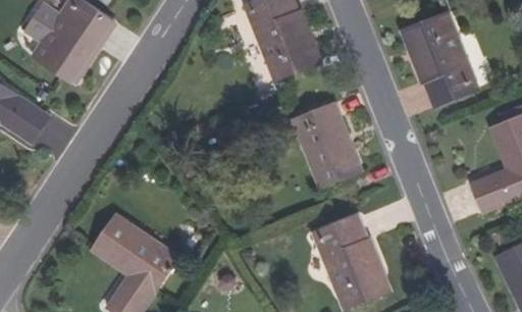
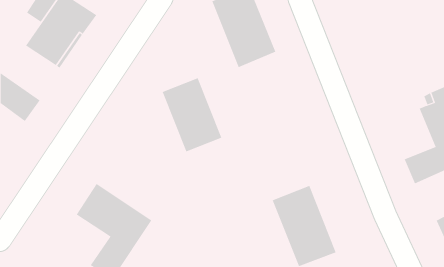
building: [405,13,480,107] -> none
building: [293,102,362,188] -> [162,78,222,152]

